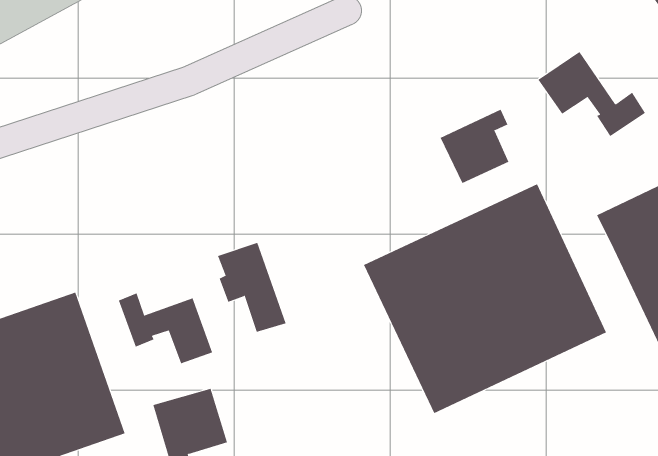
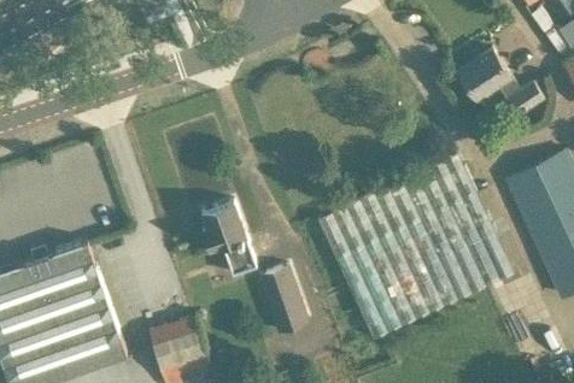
building: [440,109,509,184] -> none
building: [118,293,213,364] -> none
building: none -> [259,265,310,332]

